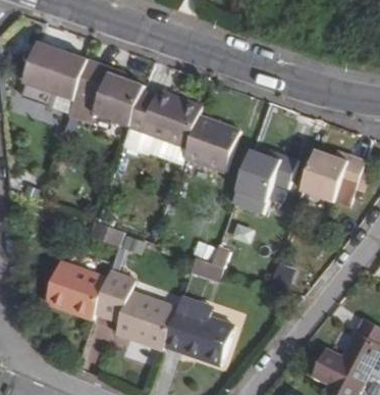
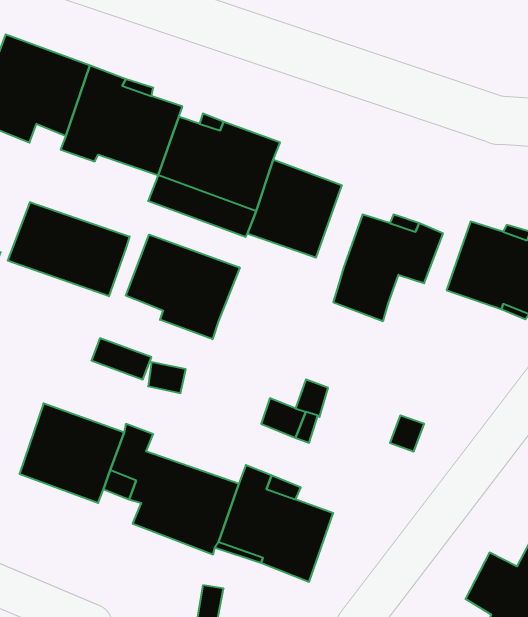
building: none -> [8,202,130,296]
building: none -> [126,235,240,339]

